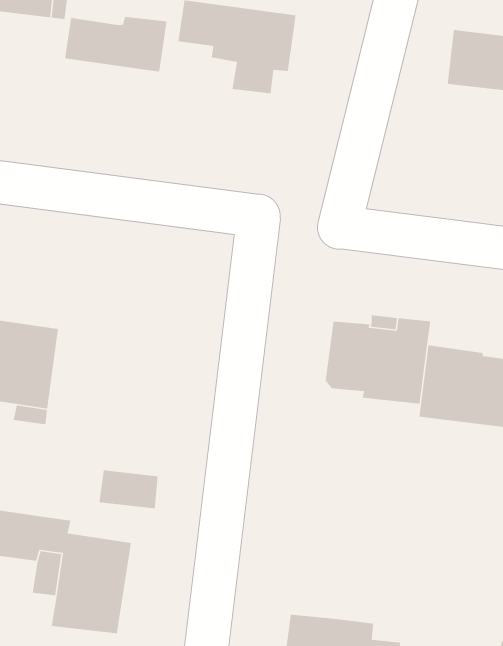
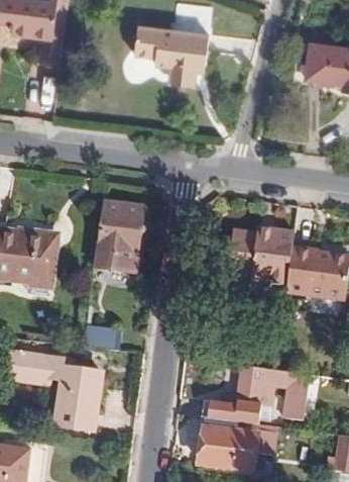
building: [64,16,167,72] -> none
building: none -> [94,201,144,271]
building: none -> [201,365,310,425]

